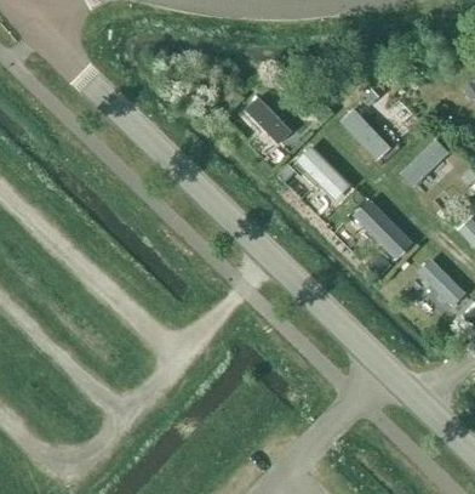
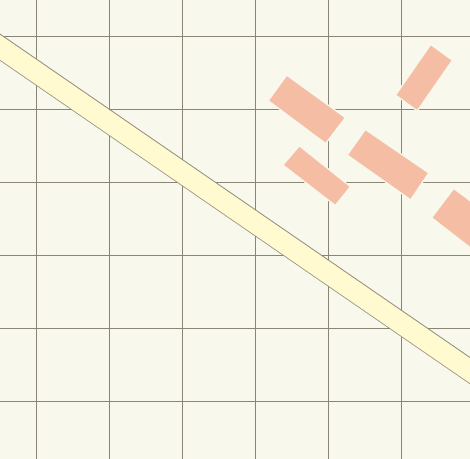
building: [245,95,292,147] -> none
building: [339,108,391,161] -> [283,146,350,205]

